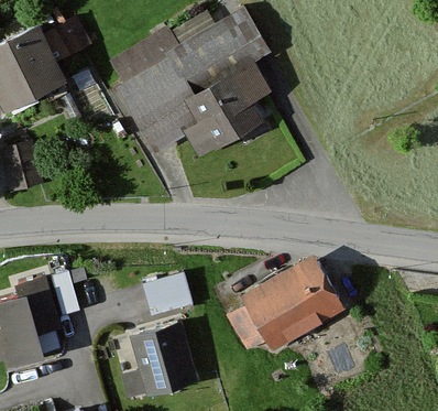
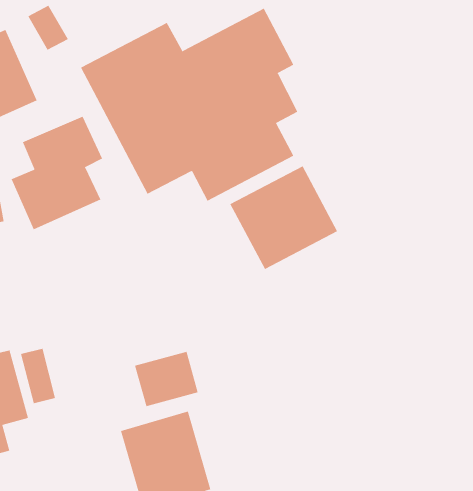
building: none -> [11,116,103,230]
building: none -> [230,165,338,270]
building: [238,255,343,349] -> none

